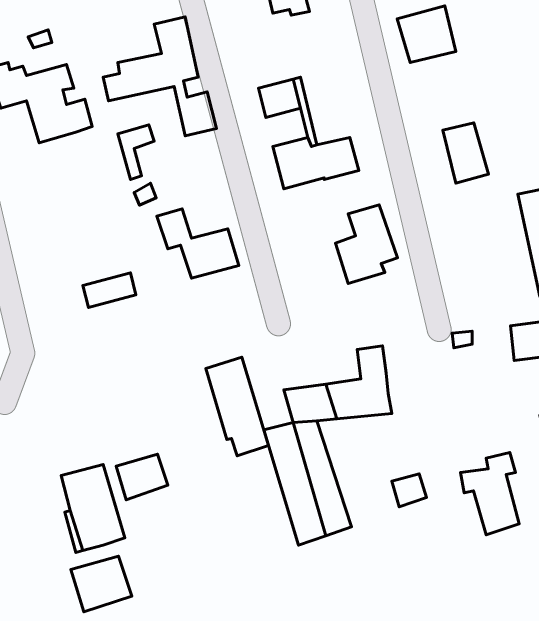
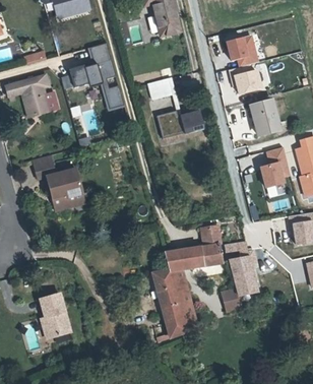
building: none -> [233,73,261,97]
building: [335,205,398,283] -> [257,148,292,192]
building: [157,209,239,278] -> [32,154,77,193]
building: [206,357,269,456] -> none
building: [461,453,519,535] -> [221,242,253,287]
building: [116,454,168,500] -> none
building: [71,556,132,612] -> none

